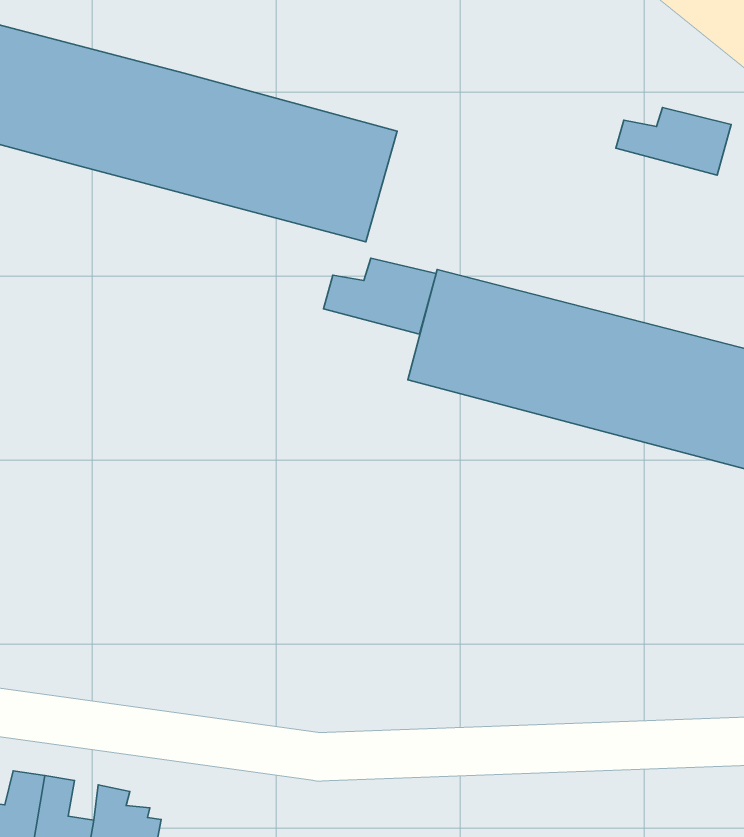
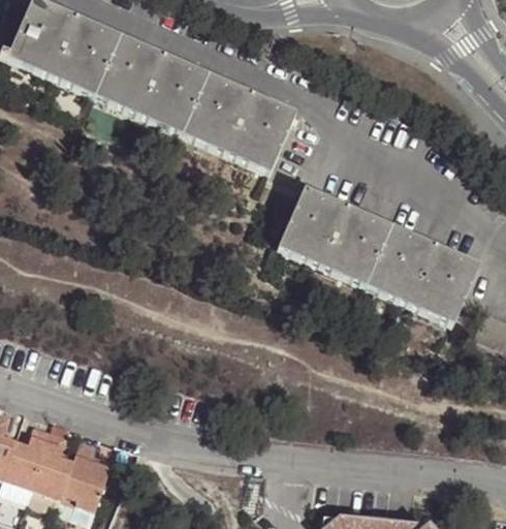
building: [616,108,731,175] -> none
building: [324,258,436,334] -> none

